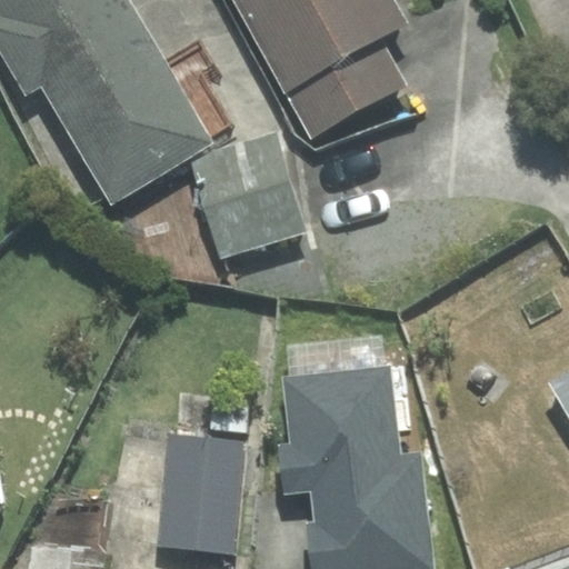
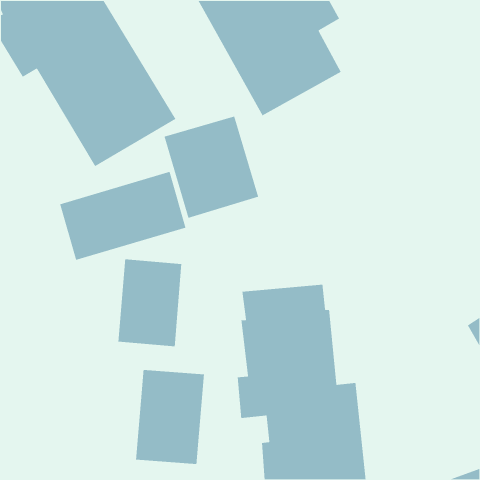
building: none -> [59,171,187,261]
building: none -> [117,258,182,347]

